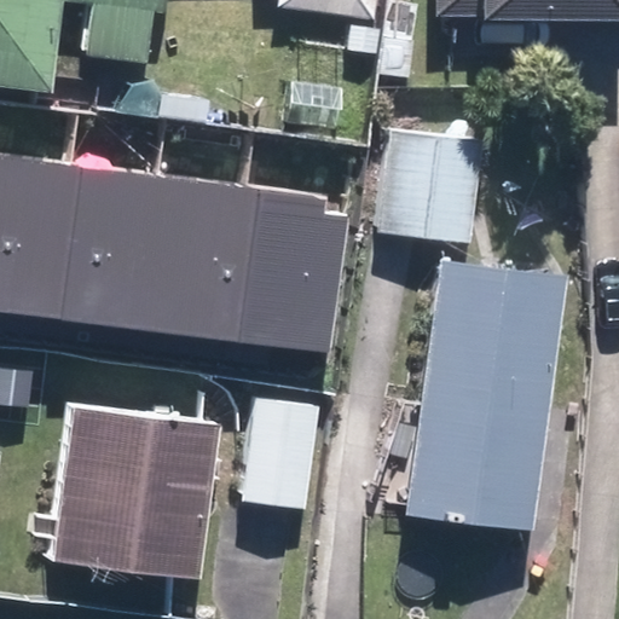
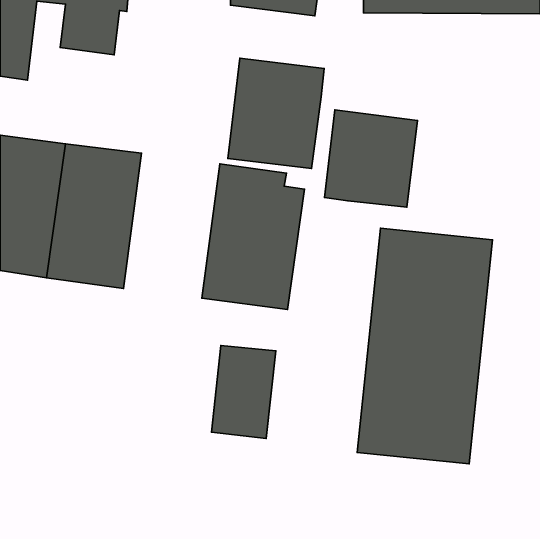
building: none -> [228,58,324,169]
building: [141,175,251,341] -> none
building: [51,407,216,579] -> none

